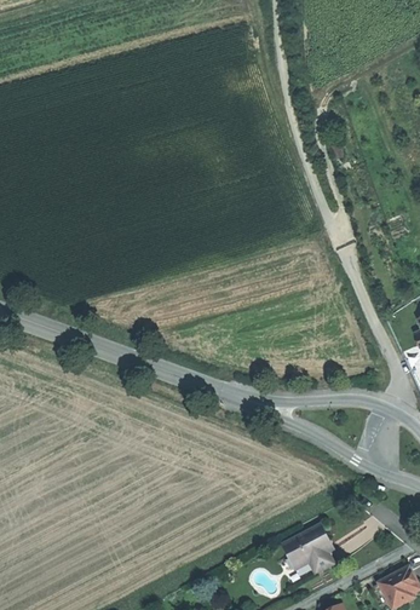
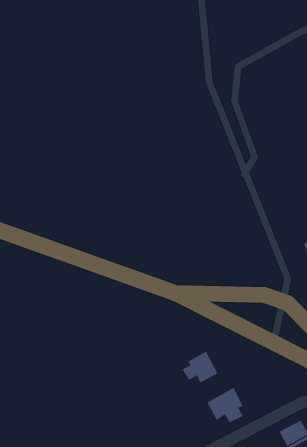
building: none -> [182,351,218,383]

